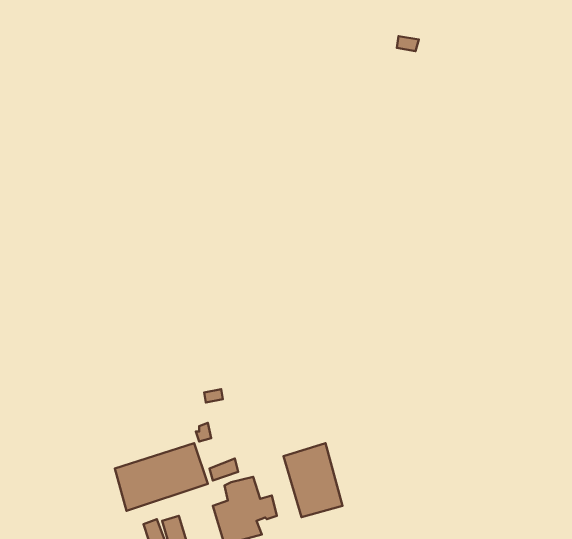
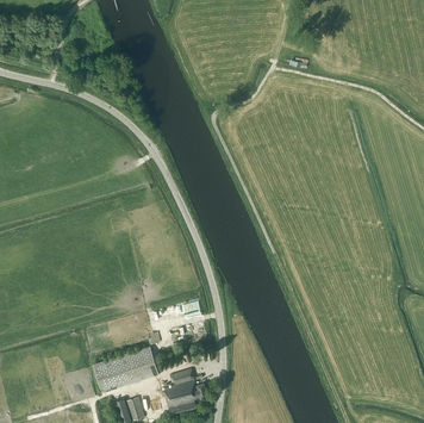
building: [284,443,343,517] -> none

